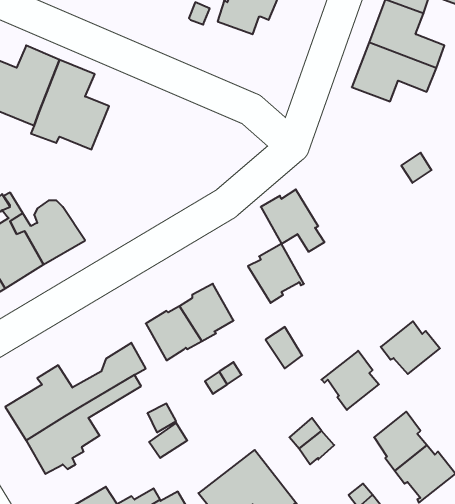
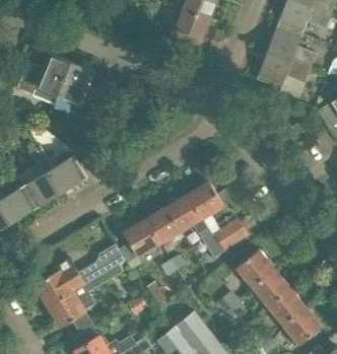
building: [261,189,325,252] -> [166,195,207,234]
building: none -> [212,219,247,252]
building: [381,321,440,374] -> [252,270,289,303]

